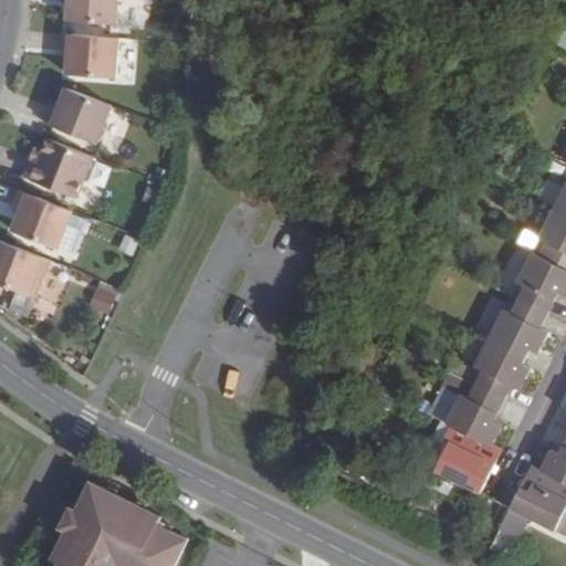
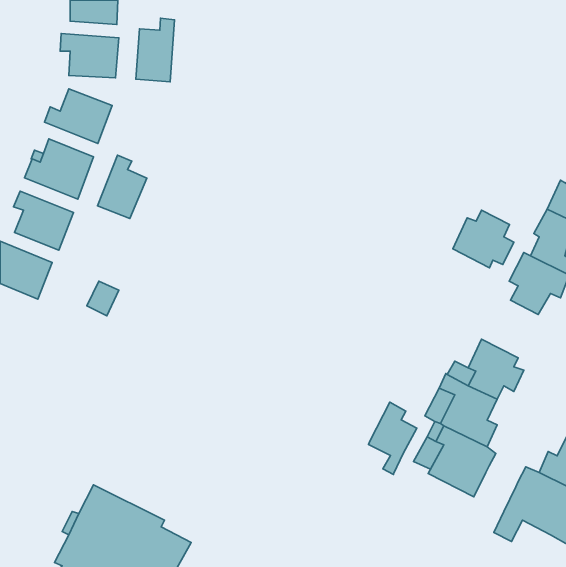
building: none -> [136,18,174,82]
building: none -> [98,155,147,218]
building: [481,300,542,357] -> [453,210,514,268]
building: none -> [368,402,417,475]

